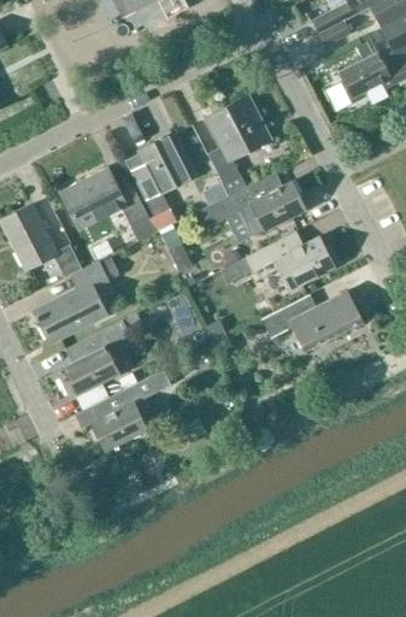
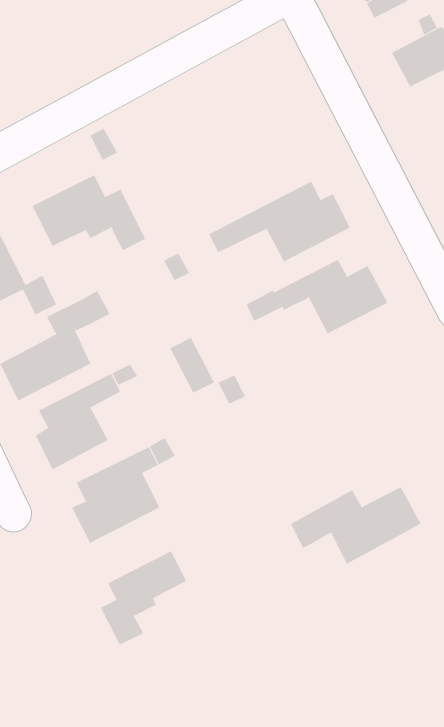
building: [205,96,271,194] -> none
building: [131,135,194,216] -> none
building: [261,292,363,352] -> [290,486,421,564]
building: none -> [100,550,187,645]

